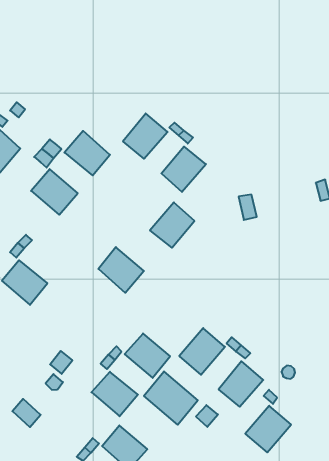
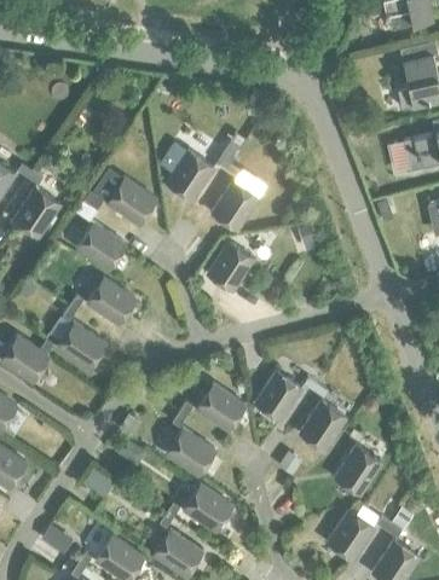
building: [98,247,144,293] -> [87,277,135,324]
building: [144,371,198,425] -> none

